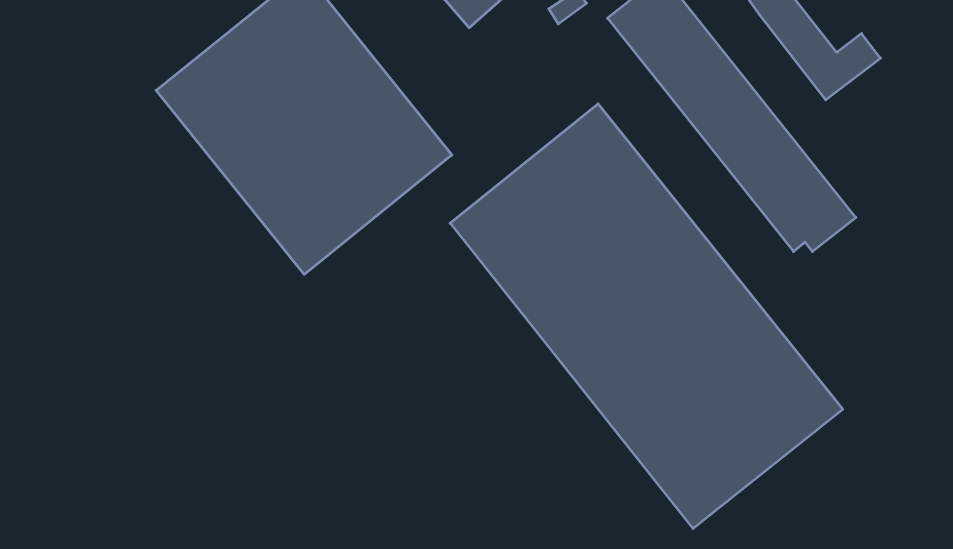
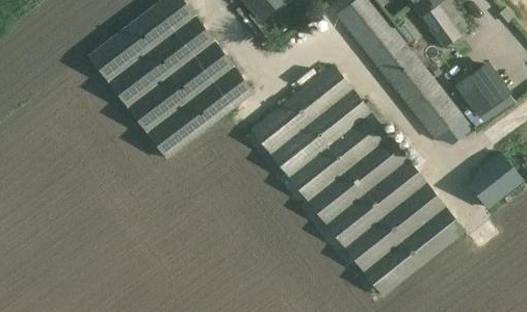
building: none -> [453,69,501,119]
building: none -> [469,153,522,208]

